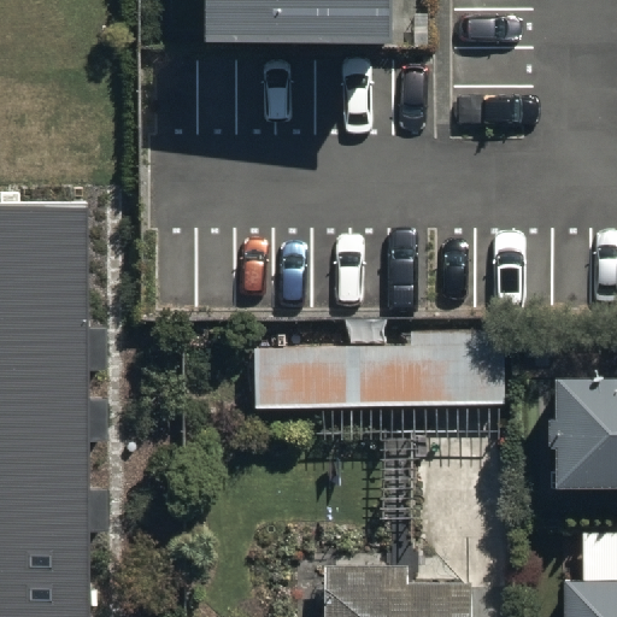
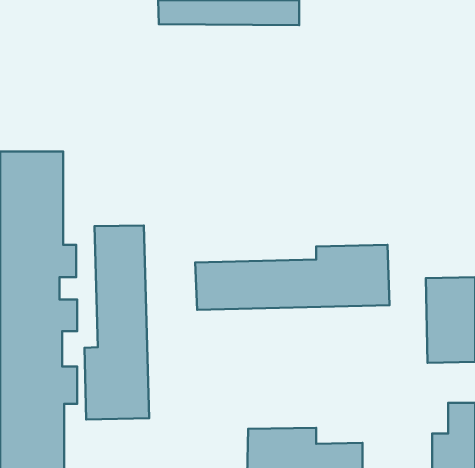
building: none -> [84,226,149,419]

